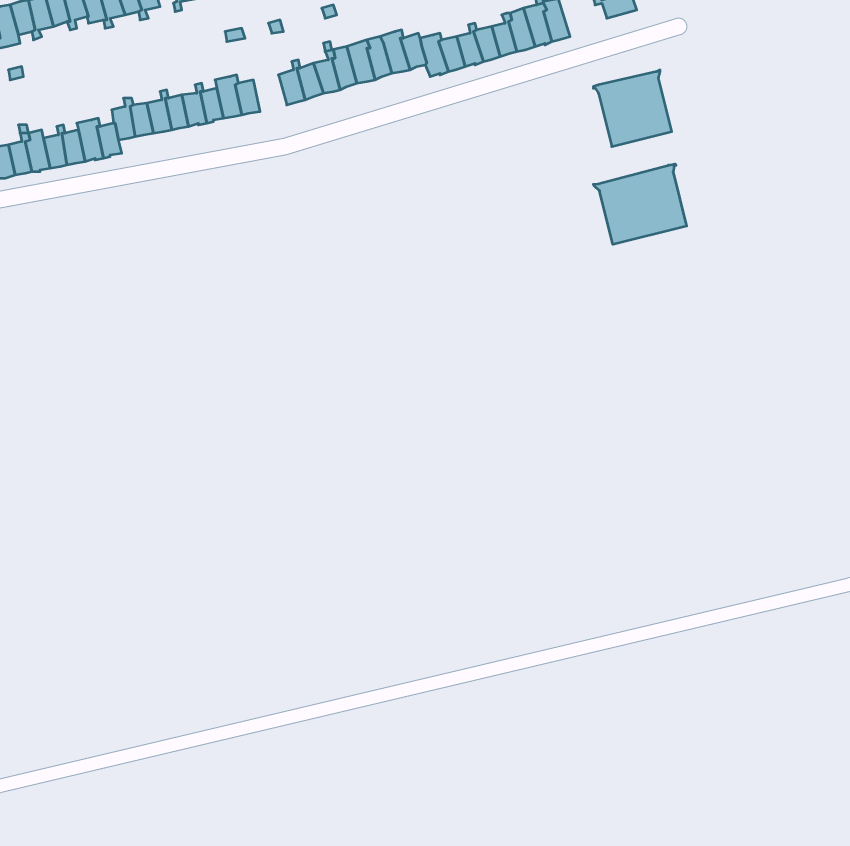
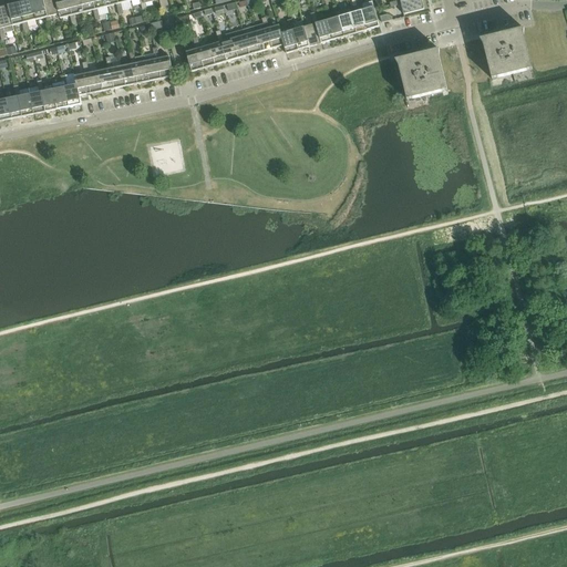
building: none -> [480,25,532,76]
building: [593,164,687,244] -> none

